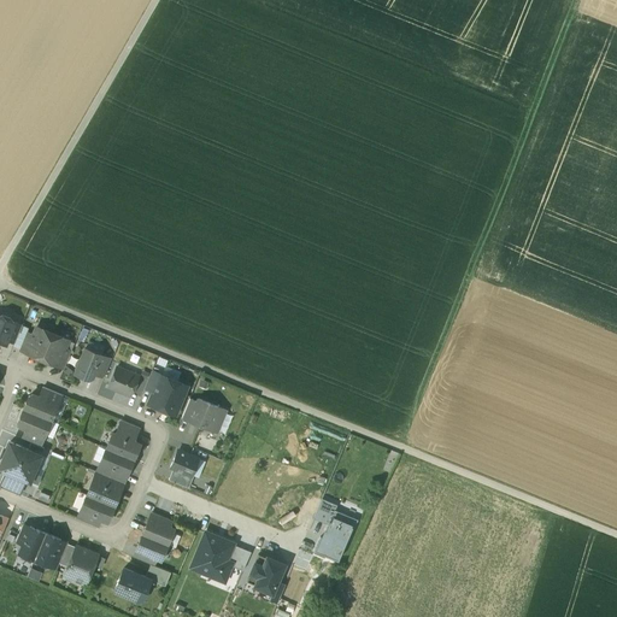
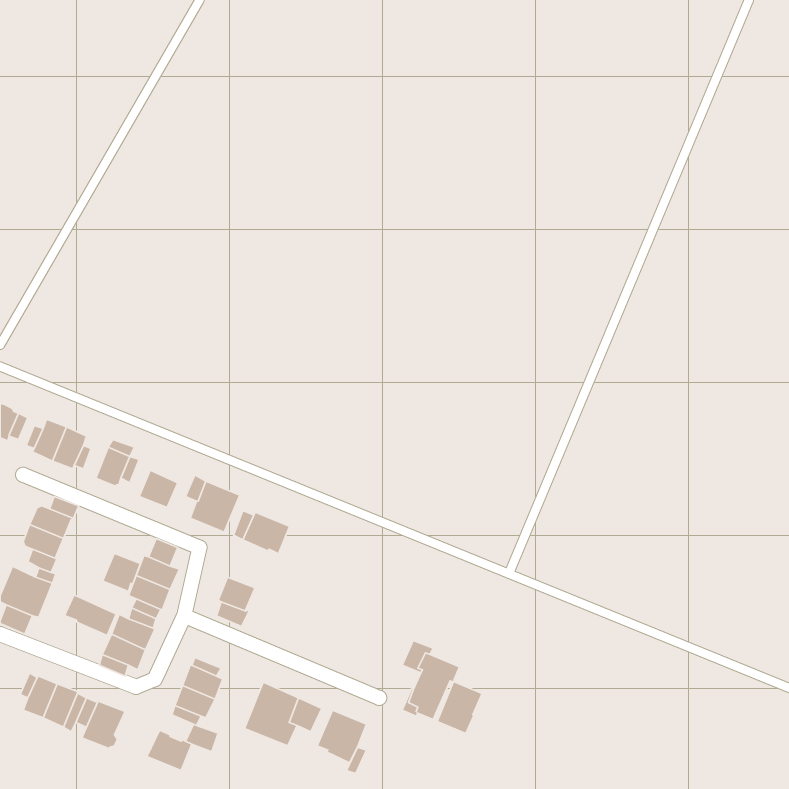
building: none -> [103,554,141,592]
building: none -> [65,595,116,635]
building: none -> [437,681,482,733]

